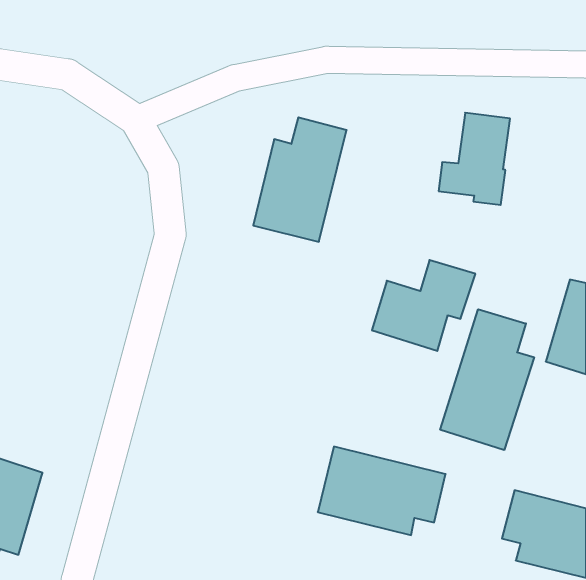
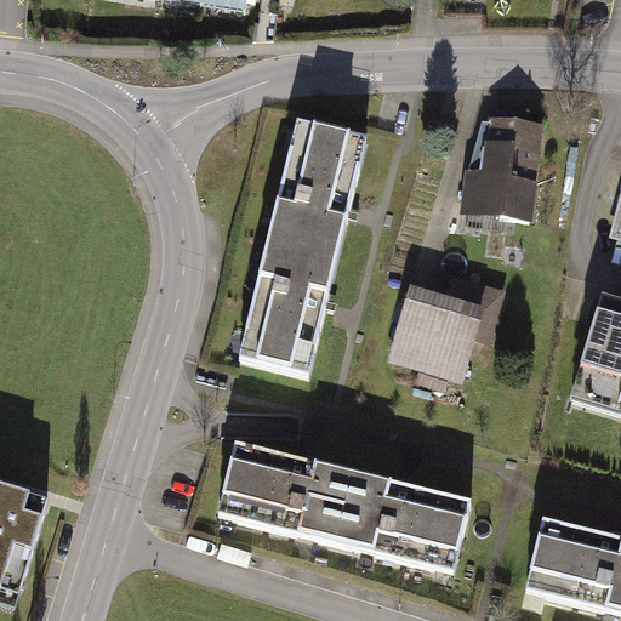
building: none -> [244,238,336,372]
building: [440,309,534,450] -> none
building: none -> [222,443,352,540]

